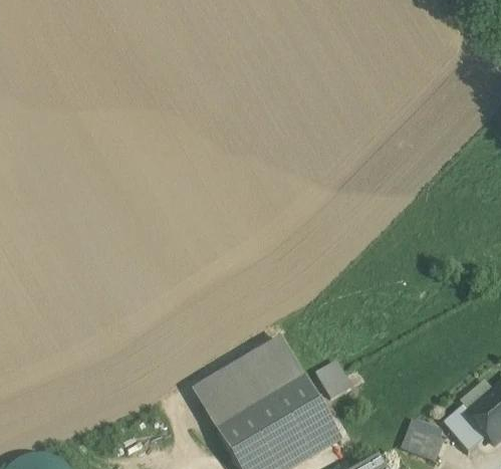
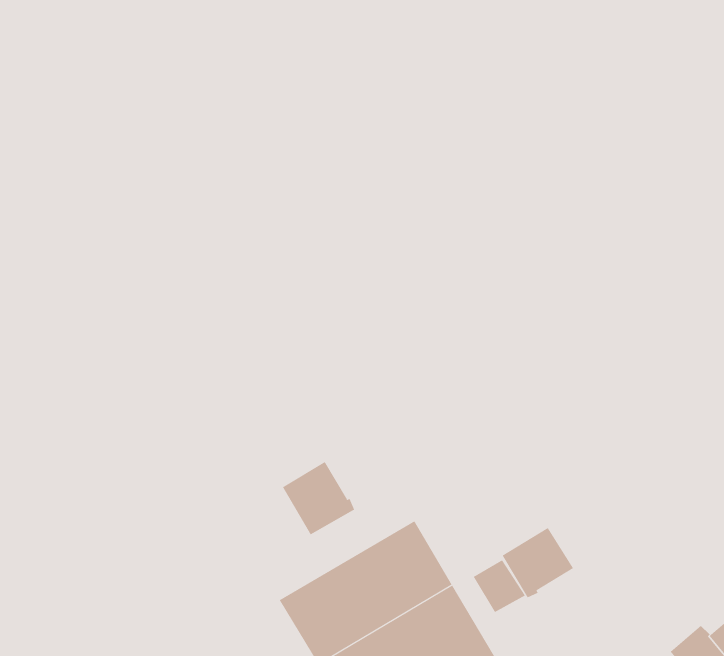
building: none -> [282,461,355,535]
building: none -> [502,527,574,598]

